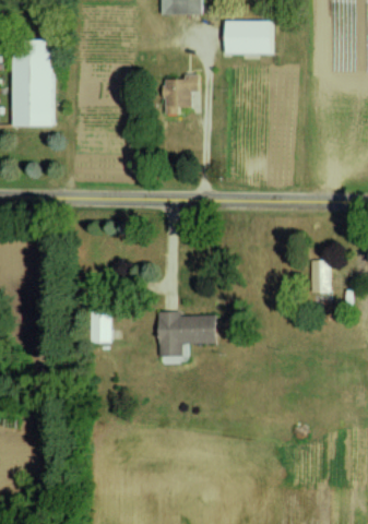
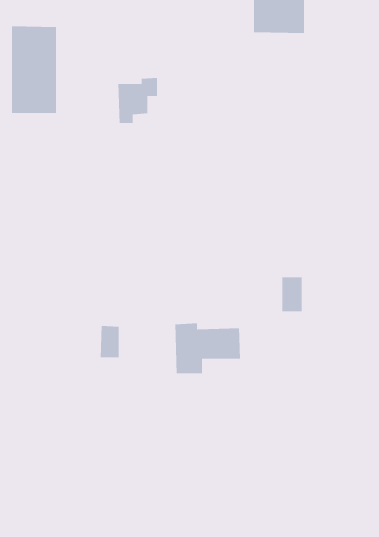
building: [164,74,200,116] -> [117,77,158,124]
building: [309,261,328,293] -> [282,277,302,312]

